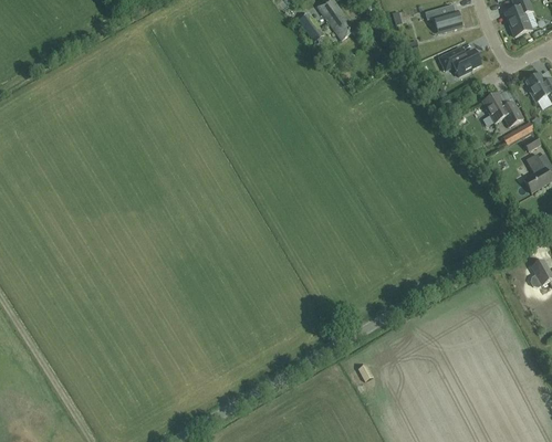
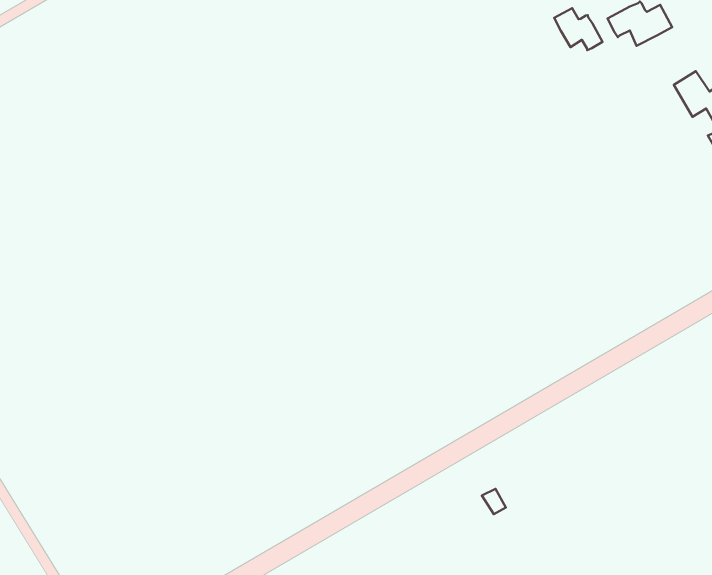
building: none -> [554,8,602,50]

